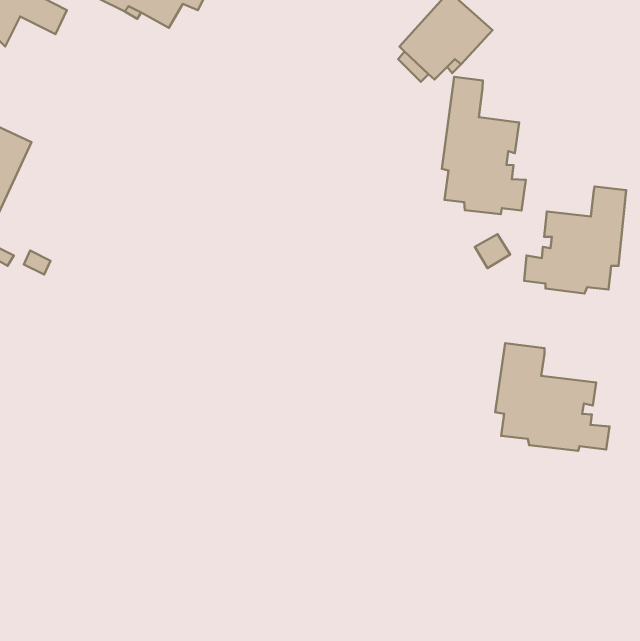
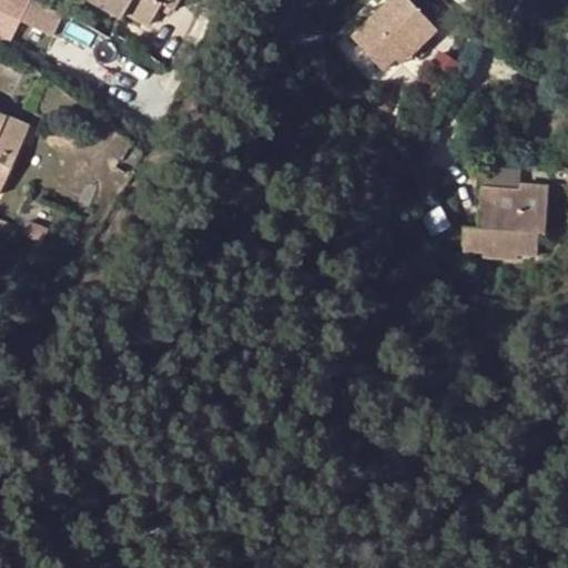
building: [442,77,526,214] -> none
building: [495,343,610,451] -> none

